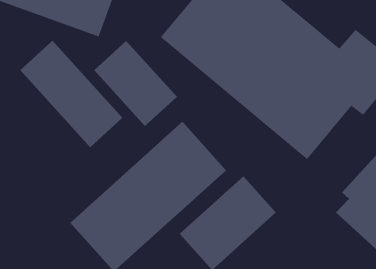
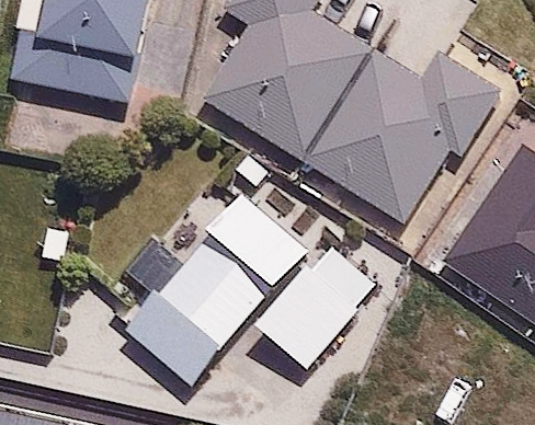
building: [19,40,123,148] -> none
building: [93,40,178,127] -> none

